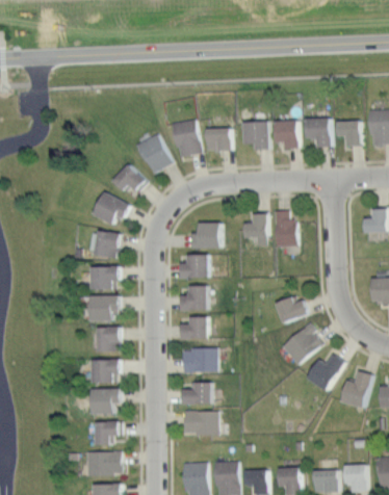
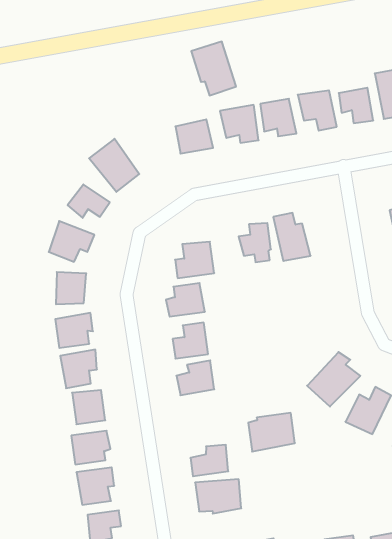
building: [170,119,201,159] -> [191,42,236,95]
building: [275,297,308,323] -> none
building: [181,348,215,374] -> [248,413,295,452]

